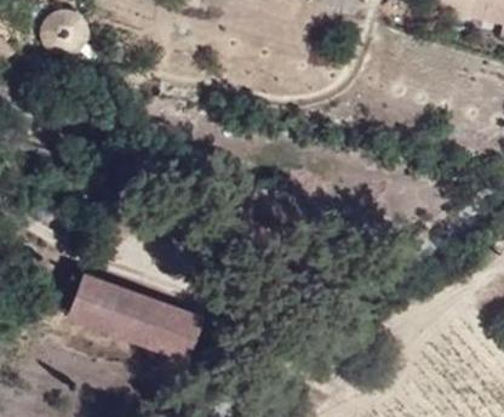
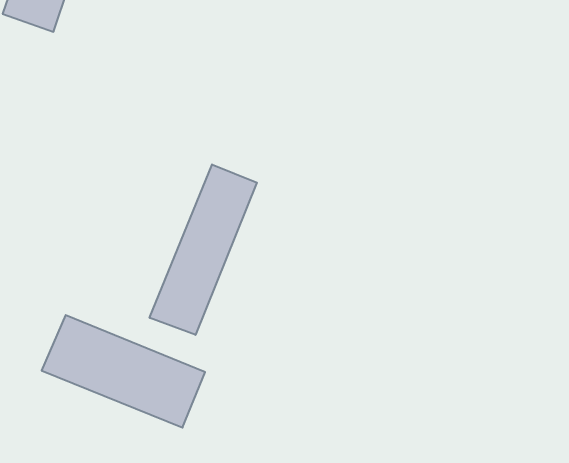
building: none -> [150,164,257,335]

